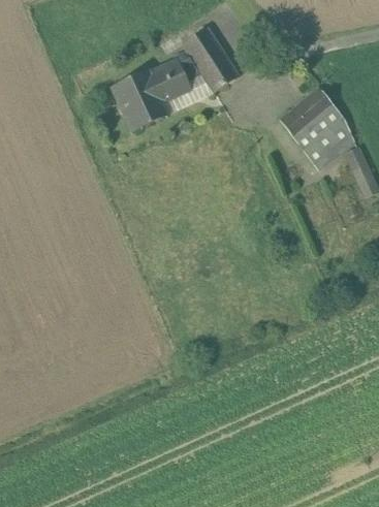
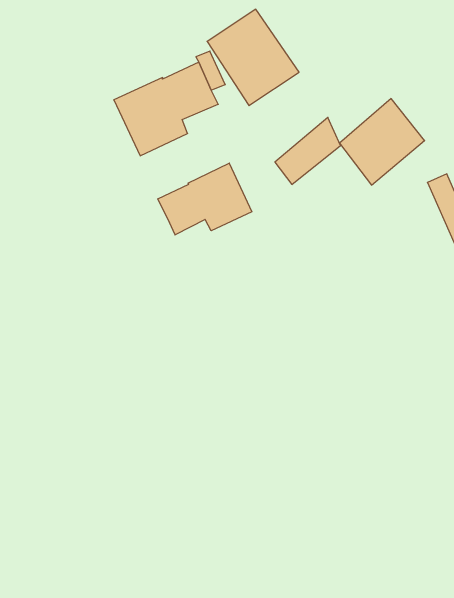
building: [304,119,352,168] -> [275,117,341,184]
building: none -> [158,163,252,235]

